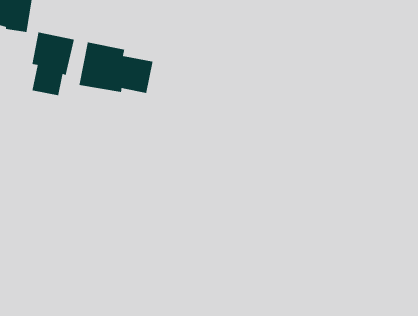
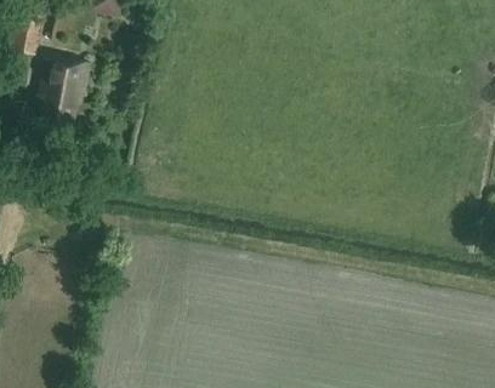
building: [78,41,153,94] -> none

